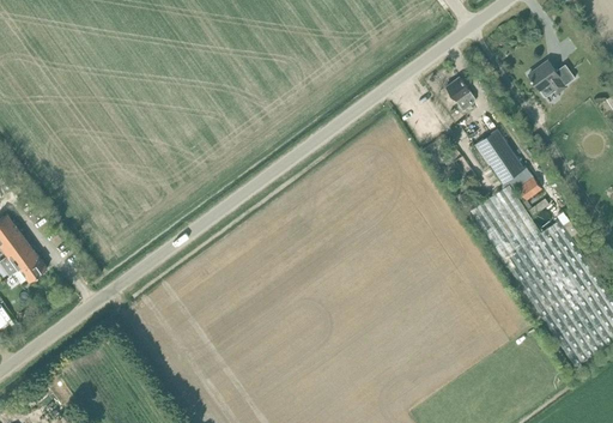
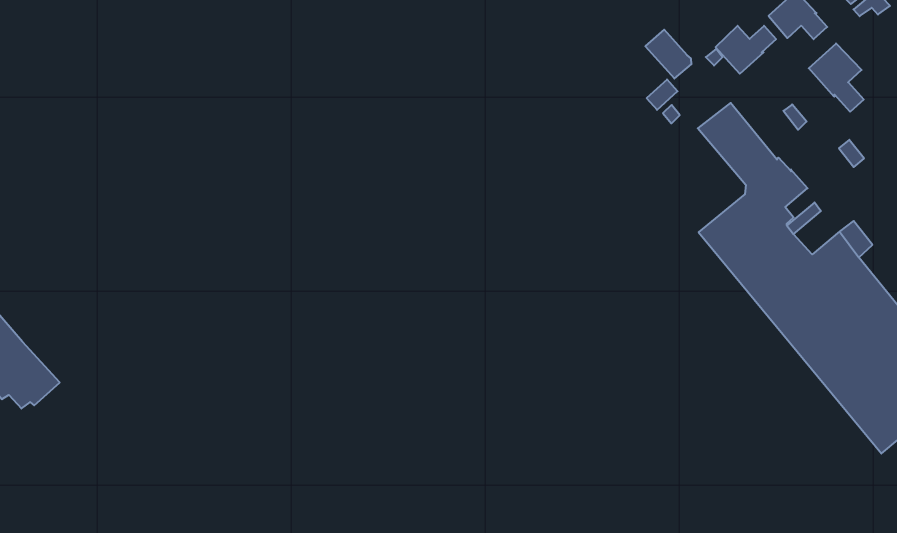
building: none -> [716,26,776,74]
building: none -> [809,43,864,112]

